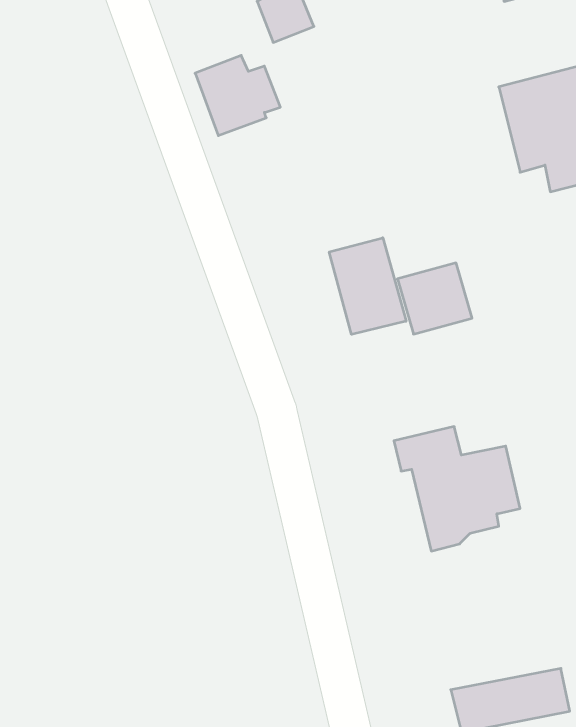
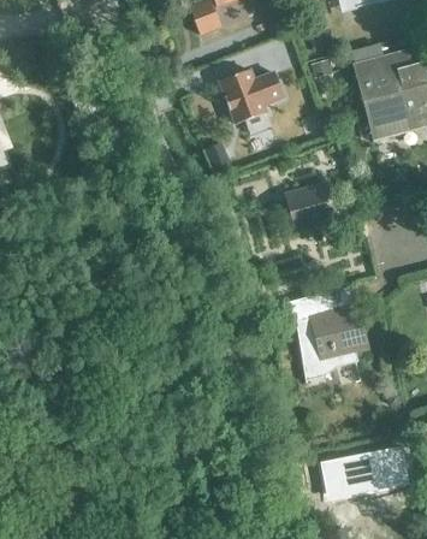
building: [195,55,280,136] -> [219,70,277,124]
building: [329,238,406,334] -> none

